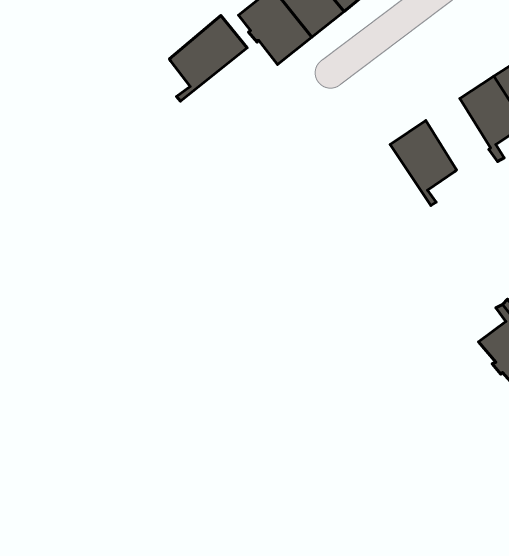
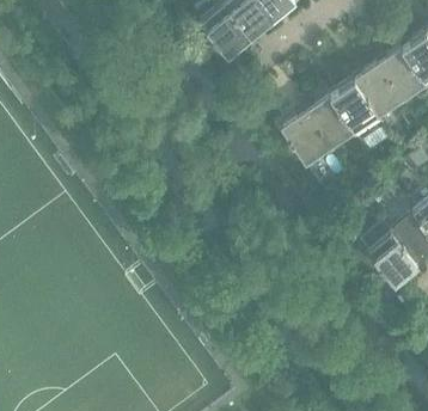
building: [170,15,247,101] -> none
building: none -> [331,80,377,141]
building: none -> [282,112,335,164]

